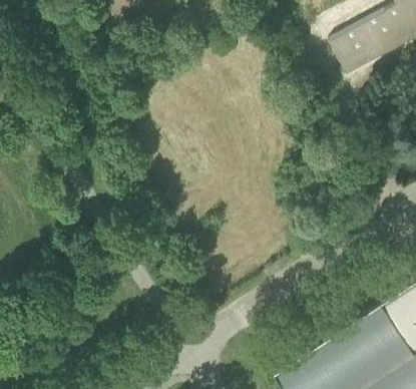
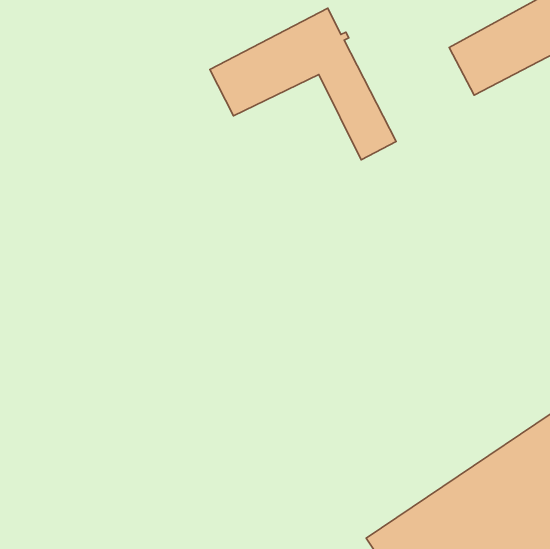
building: none -> [210,8,396,160]

